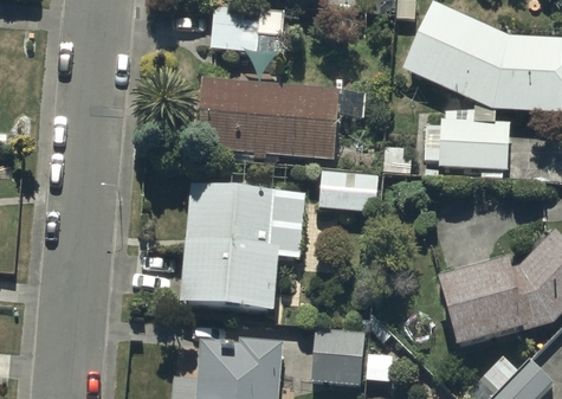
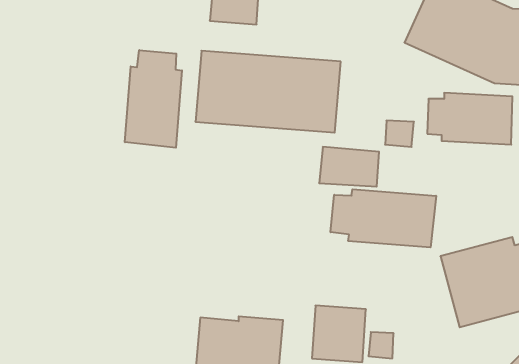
building: none -> [125,50,182,148]
building: [181,182,304,310] -> none
building: none -> [331,189,436,247]

